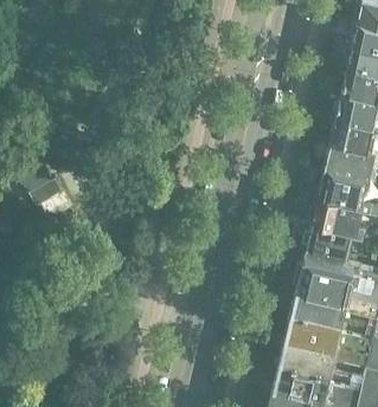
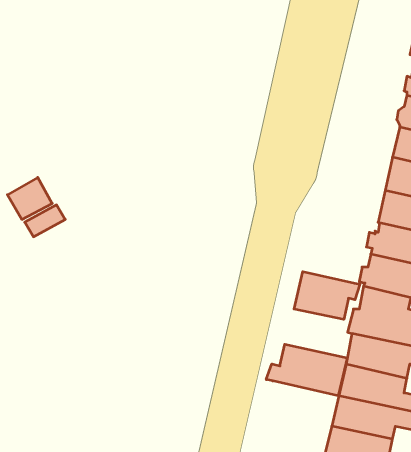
building: none -> [294,272,360,319]
building: none -> [266,344,347,396]

